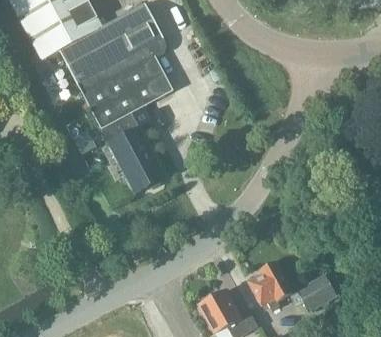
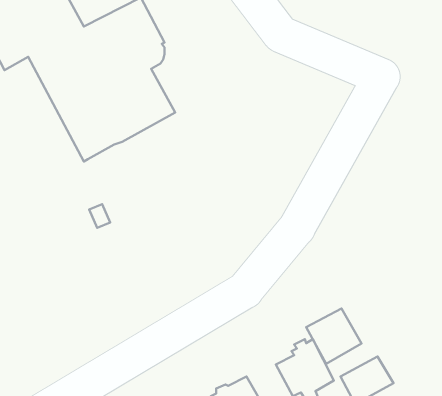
building: [99,112,164,191] -> none
building: none -> [306,309,362,364]

